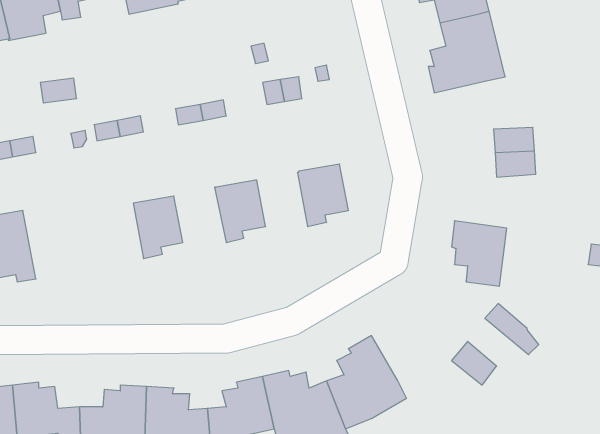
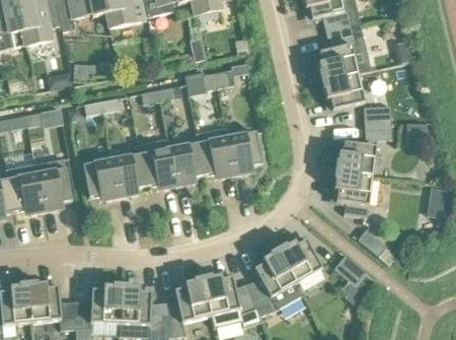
building: none -> [321,74,364,111]
building: none -> [195,128,233,178]
building: none -> [138,139,176,189]
building: none -> [335,142,376,177]
building: none -> [34,158,72,212]
building: none -> [82,159,119,200]
building: none -> [278,240,321,283]

